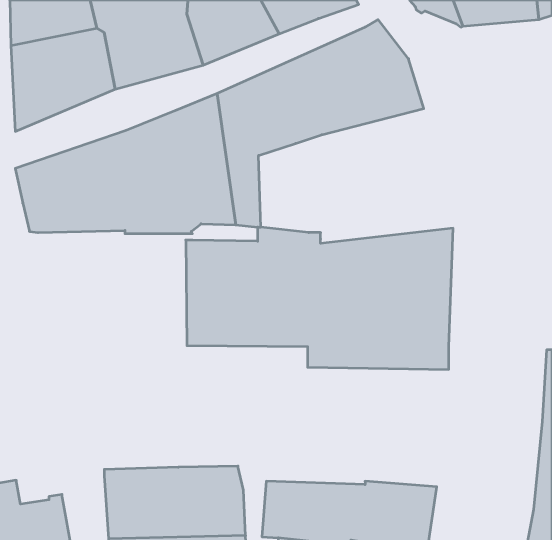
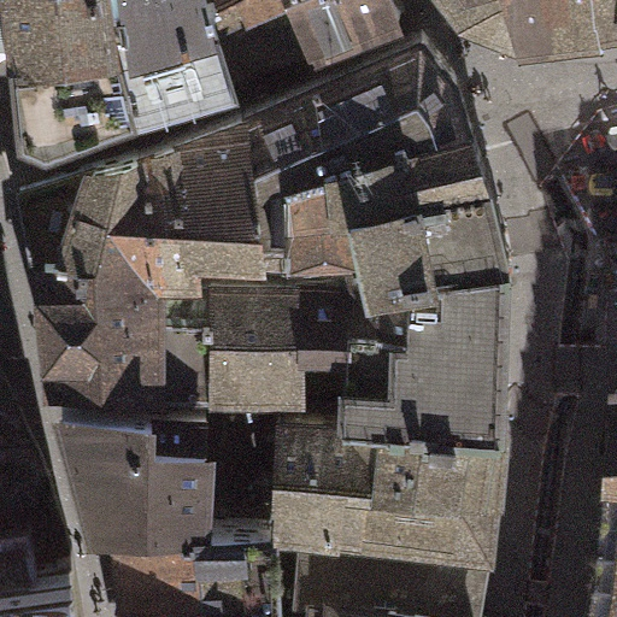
building: none -> [287,137,503,287]
building: none -> [42,272,213,400]
building: none -> [58,417,202,545]
building: none -> [265,423,498,557]

